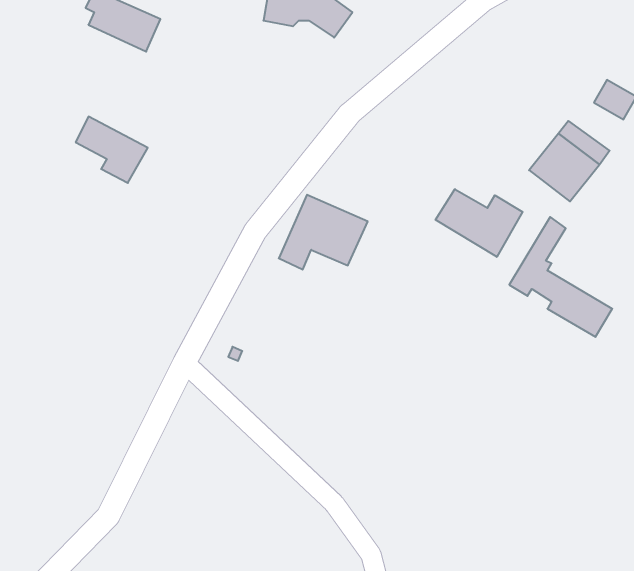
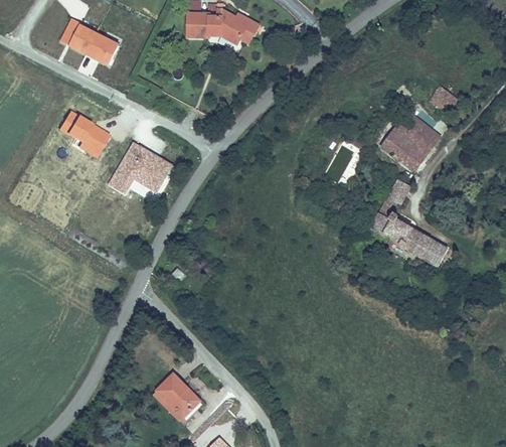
building: [436,189,523,257] -> none
building: [279,195,368,270] -> [110,139,173,192]
building: none -> [157,376,197,416]

